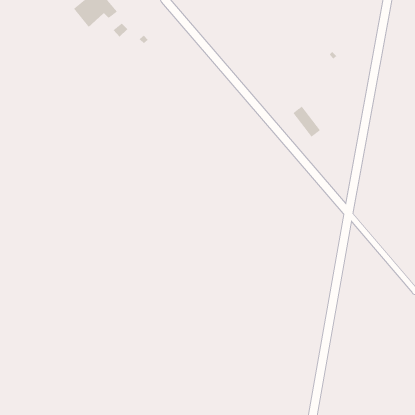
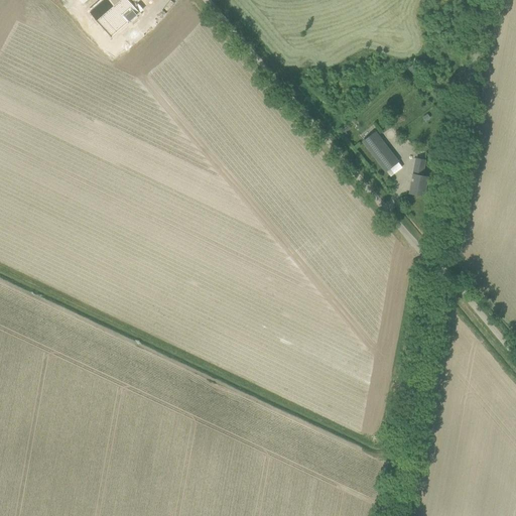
building: none -> [409,157,427,196]

